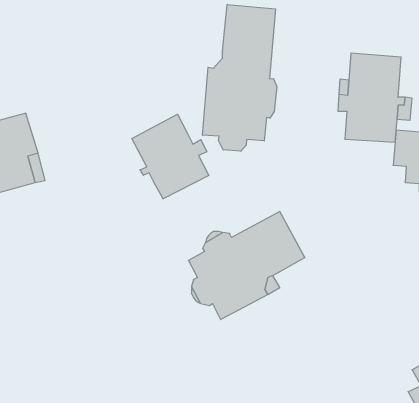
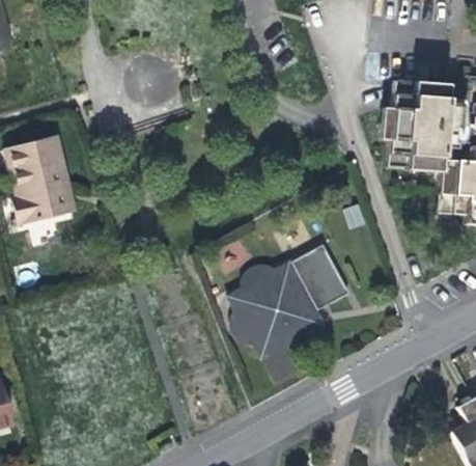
building: [203,4,277,151] -> none
building: [132,114,209,199] -> none

